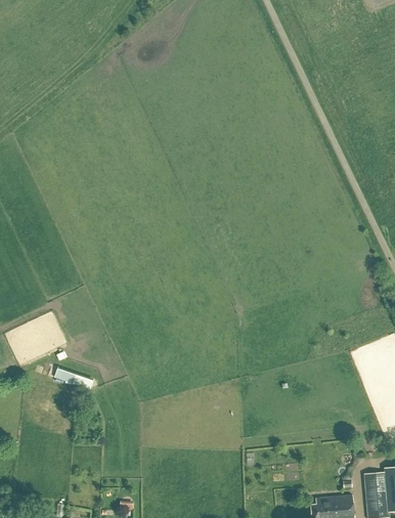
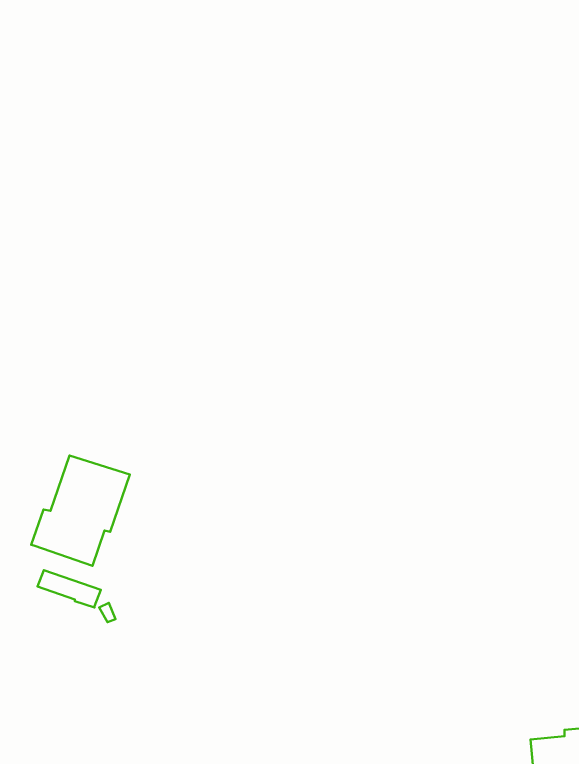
building: none -> [31,455,130,566]

